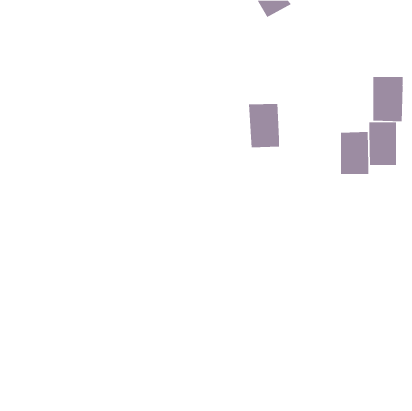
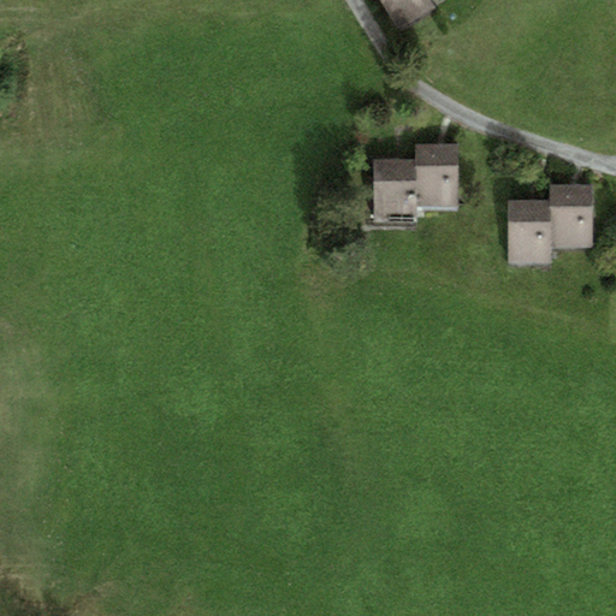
building: [373,76,403,122] -> none
building: none -> [414,143,458,209]

